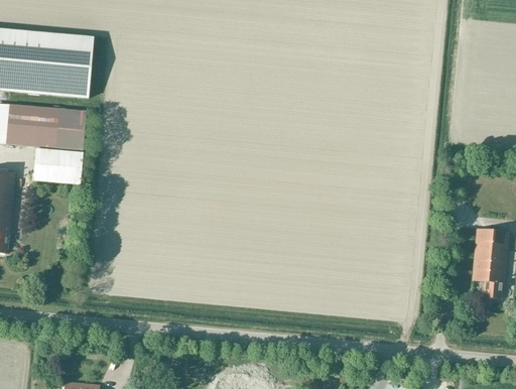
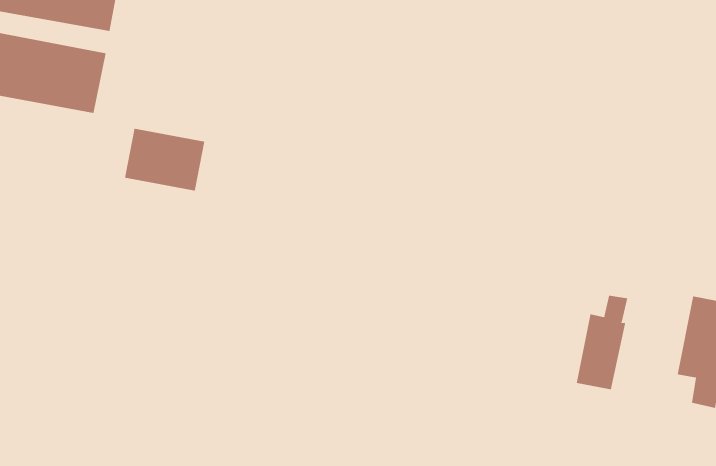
building: [33,148,83,184] -> [124,128,205,191]
building: none -> [576,295,628,390]

